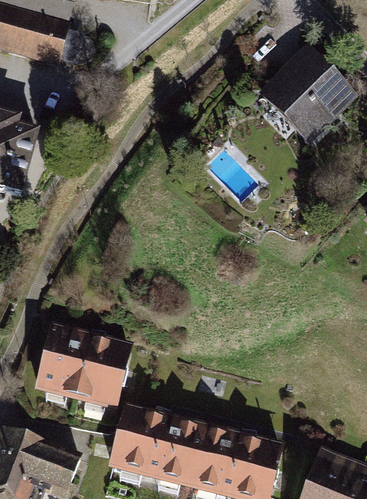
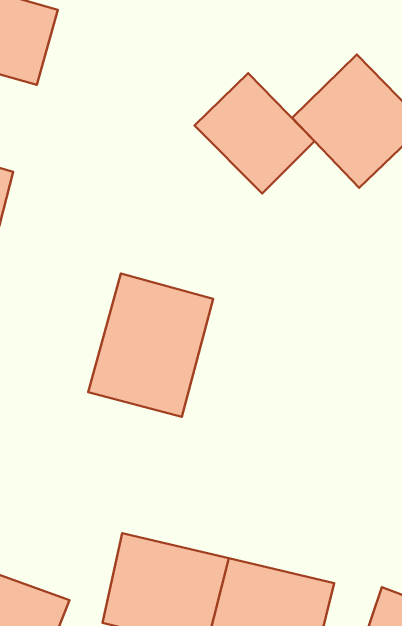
building: none -> [195,73,315,194]
building: none -> [88,273,213,417]
building: [35,325,132,409] -> none

